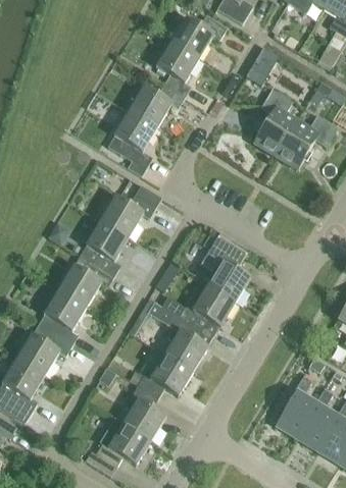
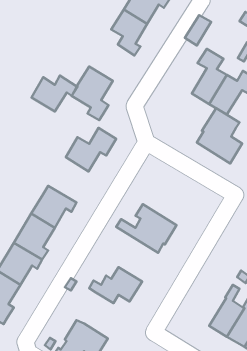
building: [130,84,185,127] -> [31,76,77,112]
building: [80,220,129,275] -> none
building: [195,235,250,303] -> [197,108,242,164]
building: [148,302,213,371] -> none
building: [123,384,166,440] -> none

